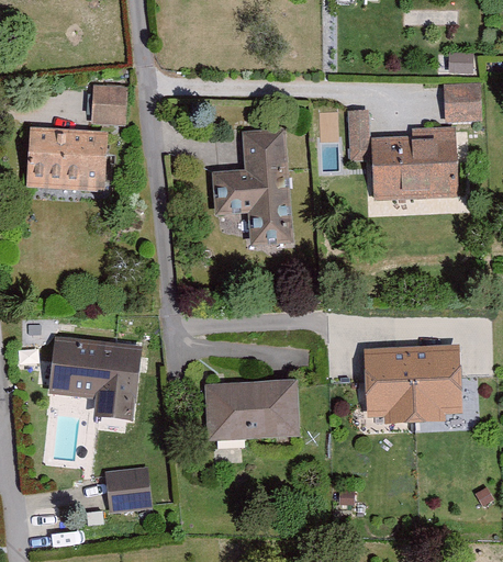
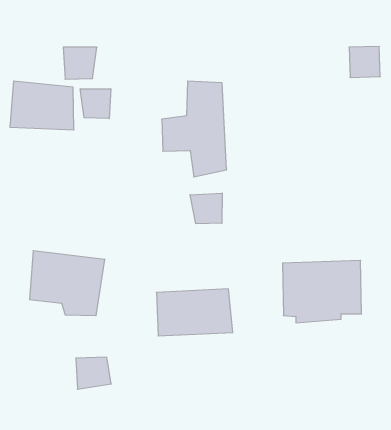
building: [350,111,457,198] -> none
building: none -> [80,89,111,119]
building: none -> [190,193,222,224]

